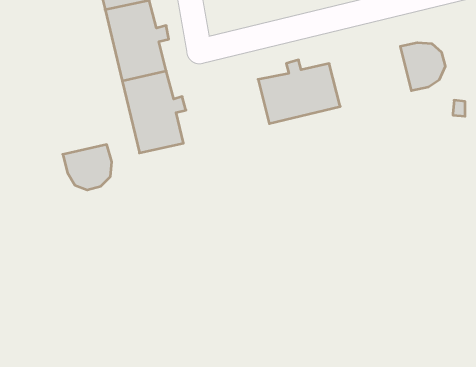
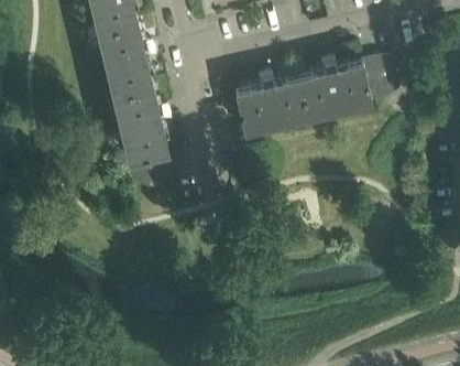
building: none -> [297,57,371,114]
building: [63,145,112,190] -> [127,147,171,187]

